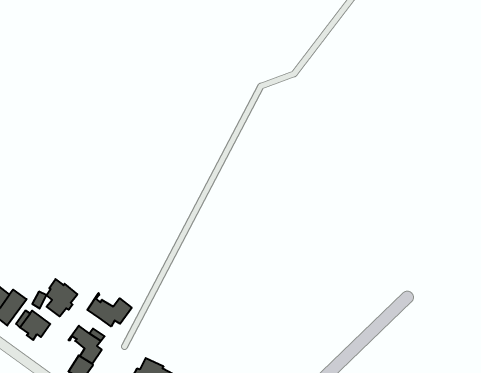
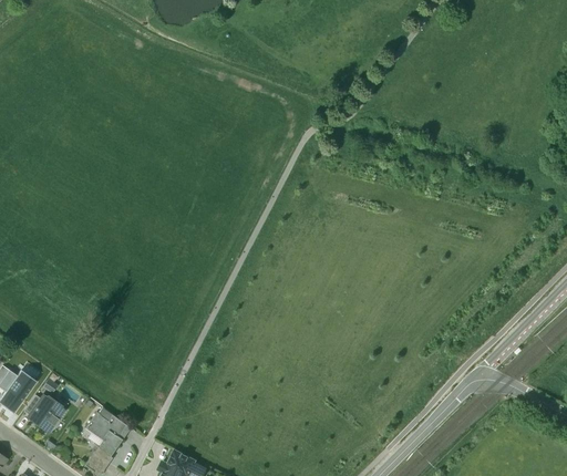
building: [46,279,77,316] -> none
building: [87,293,132,326] -> none

